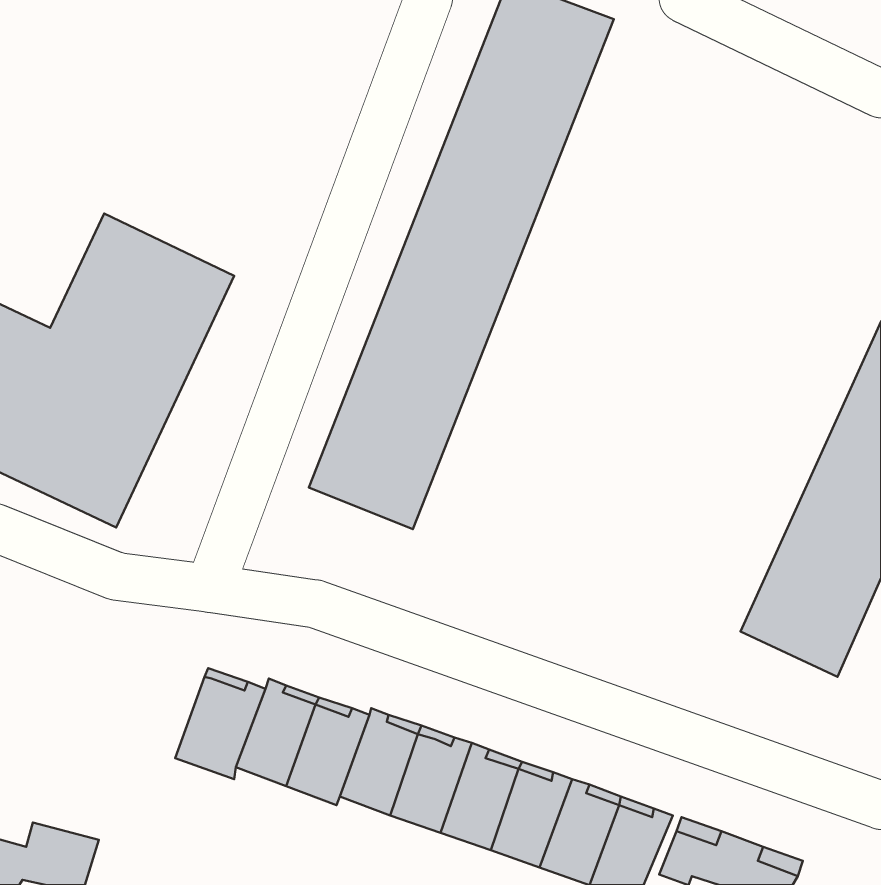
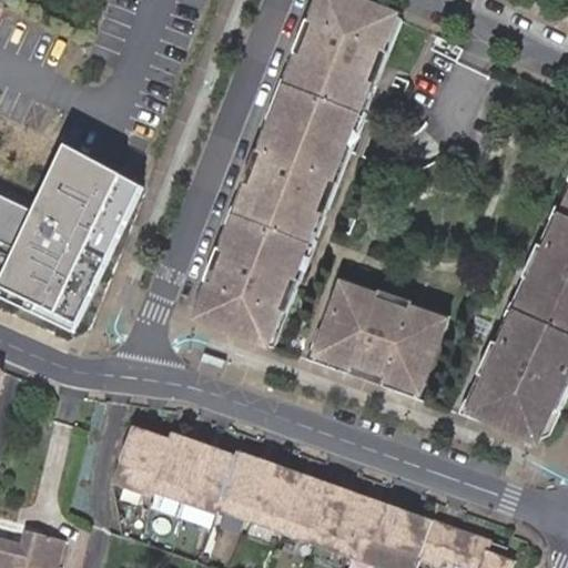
building: none -> [305,282,442,384]

